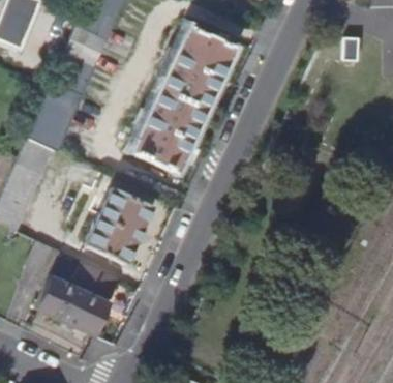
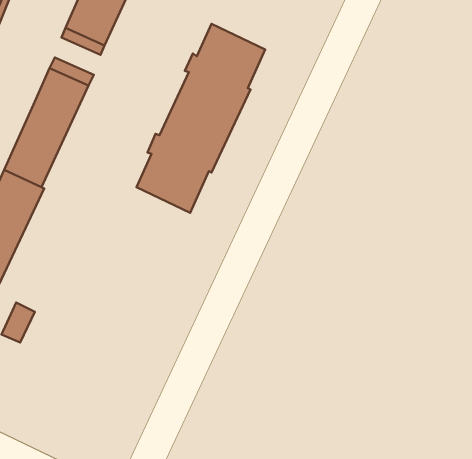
building: [88,193,148,266] -> none
building: [36,263,118,336] -> none

